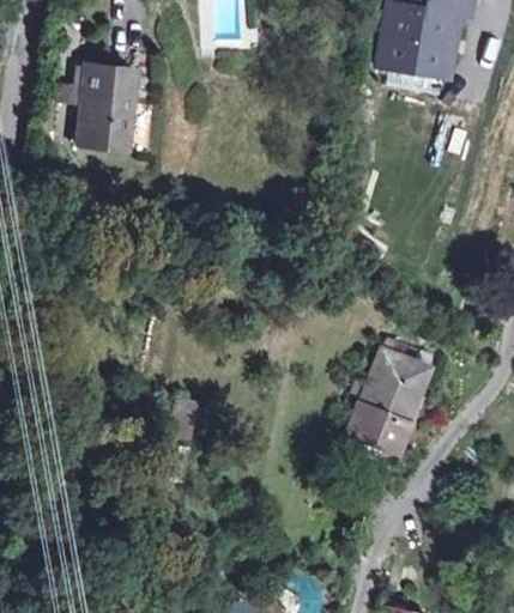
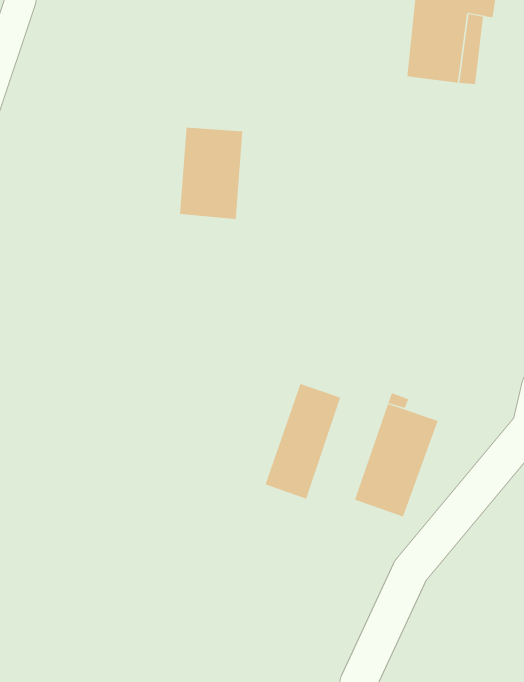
building: [83,63,140,146] -> [179,127,243,220]
building: none -> [265,383,341,500]

